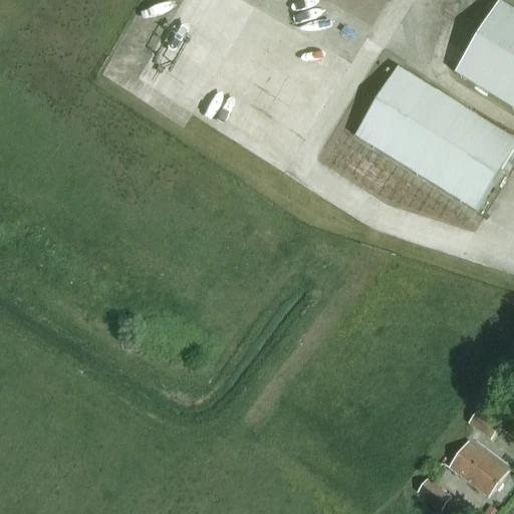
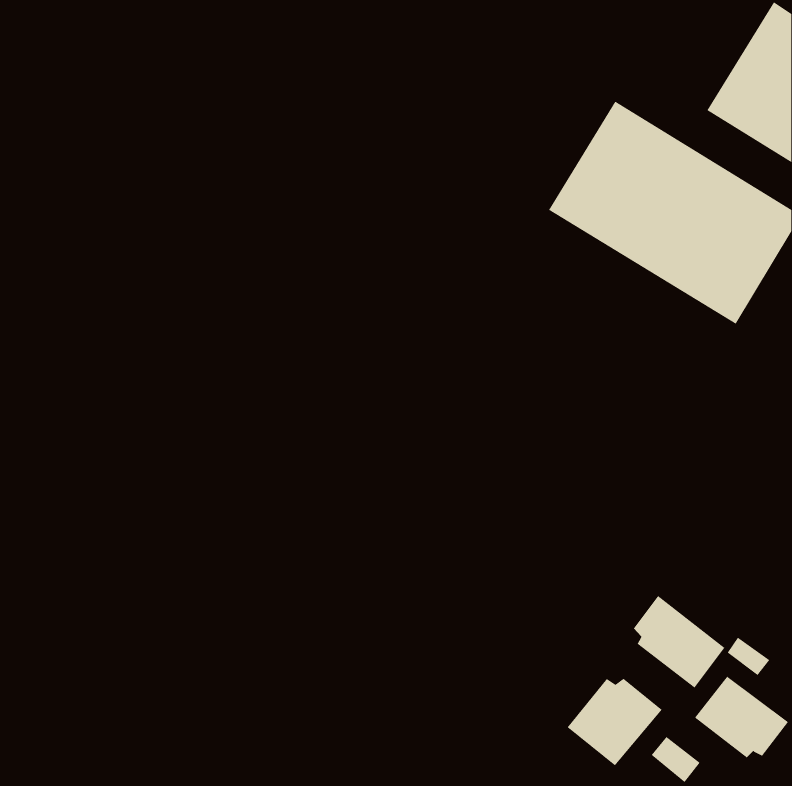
building: none -> [633,595,725,688]
building: none -> [567,678,662,766]

